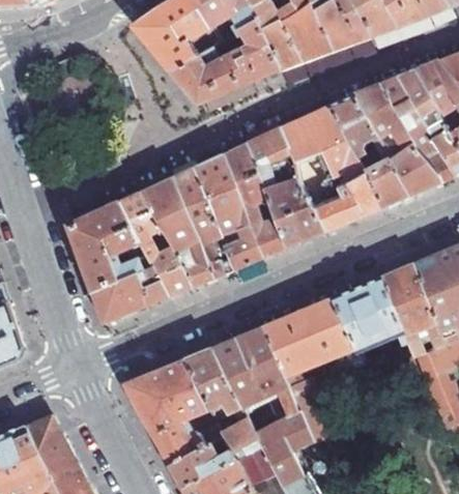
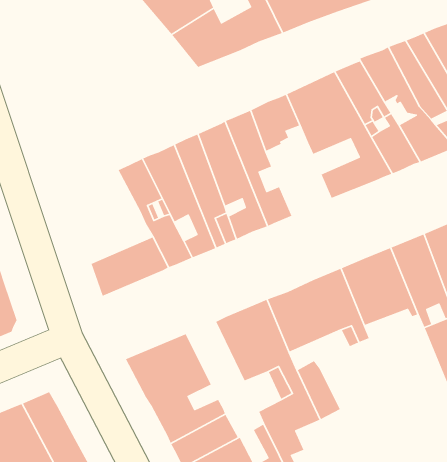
building: [260,176,323,246] -> none
building: [67,202,151,292] -> none
building: [183,348,239,420] -> none
building: [220,418,258,460] -> none

